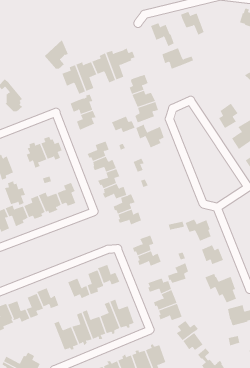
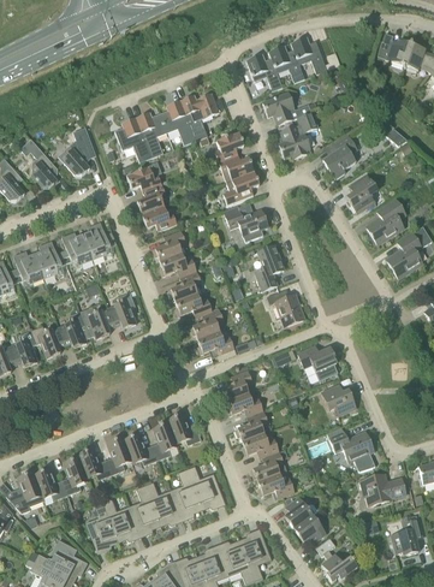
building: none -> [267,46,304,82]
building: [44,39,69,69] -> [58,130,95,174]
building: none -> [278,111,316,158]
building: none -> [322,134,357,178]
building: [111,116,135,133] -> [141,204,177,230]
building: none -> [254,244,284,290]
building: none -> [266,287,303,326]
building: [4,181,26,206] -> [34,241,66,278]
building: [167,262,189,284] -> [234,409,267,440]
building: none -> [105,435,131,474]
building: none -> [87,500,118,550]

